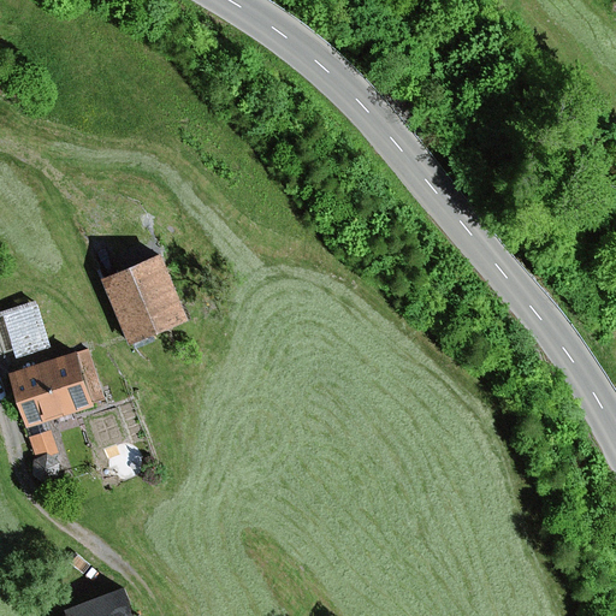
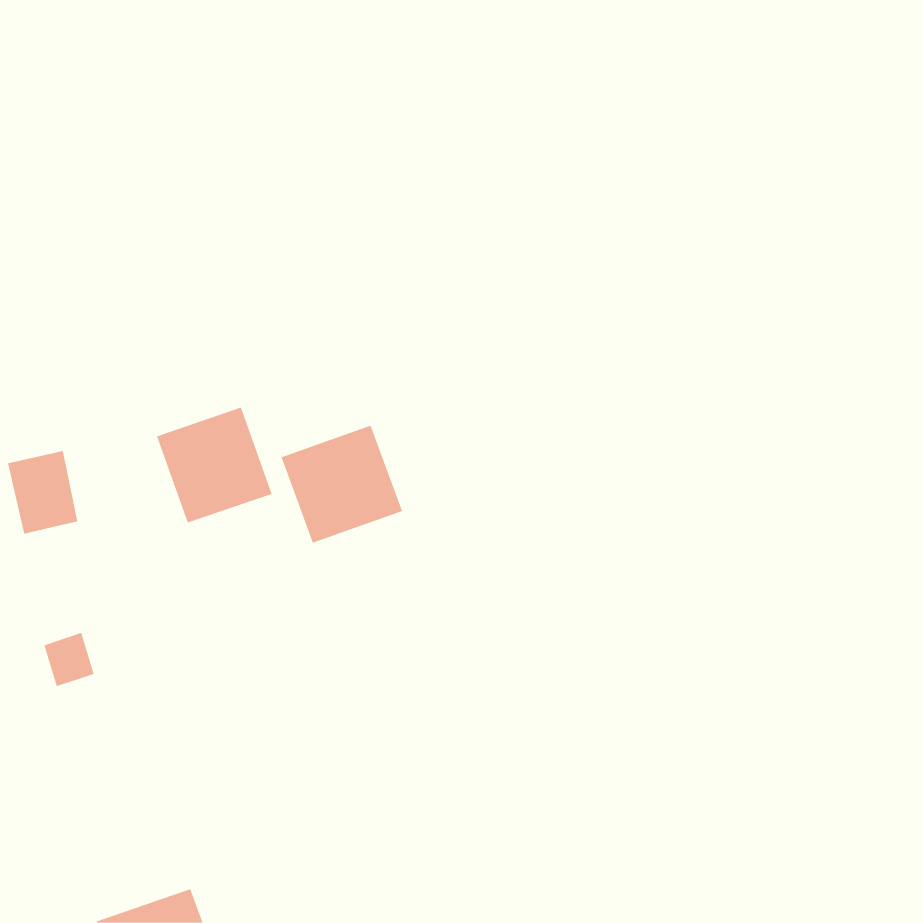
building: none -> [281,425,403,544]
building: [12,353,90,424] -> none

